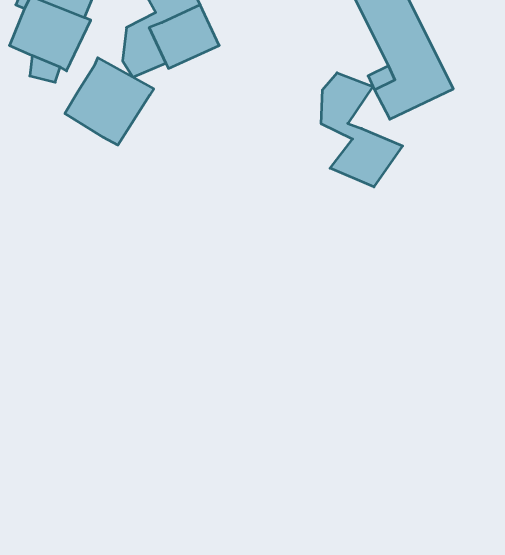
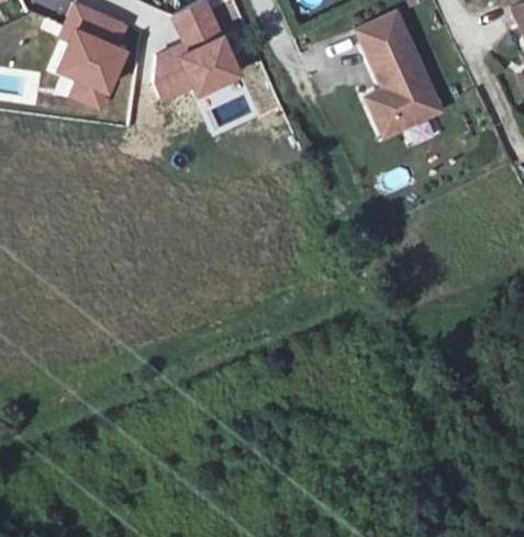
building: [65,58,154,145] -> none
building: [321,73,403,187] -> none

